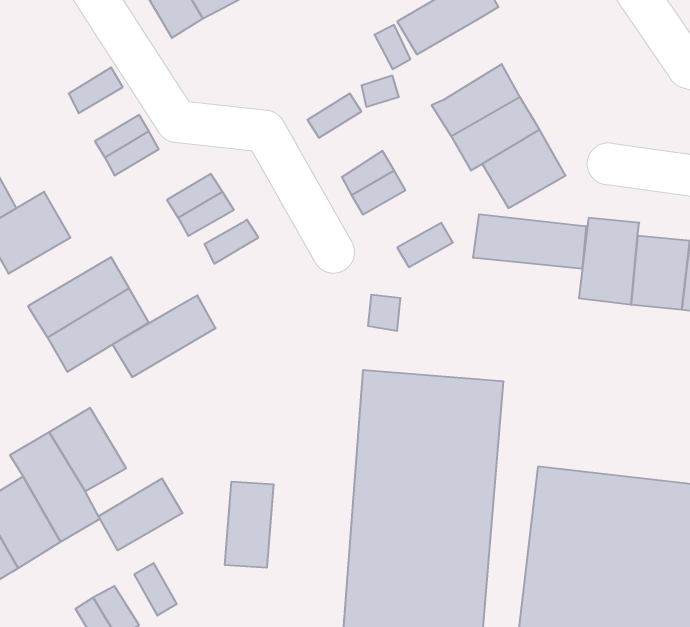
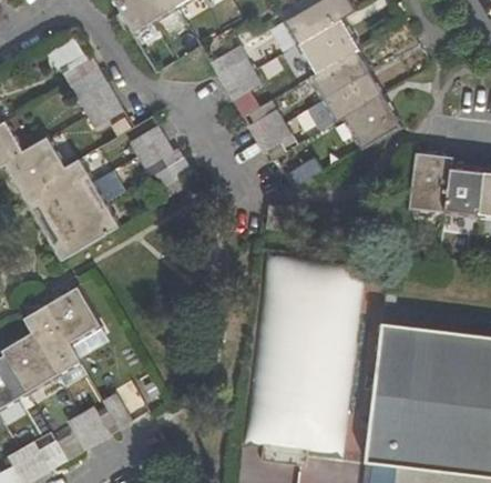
building: none -> [299,20,359,76]
building: none -> [211,47,254,89]
building: [473,214,586,269] -> none
building: [113,295,216,377] -> [22,160,92,215]
building: [98,478,183,550] -> none
building: [225,482,274,568] -> none

